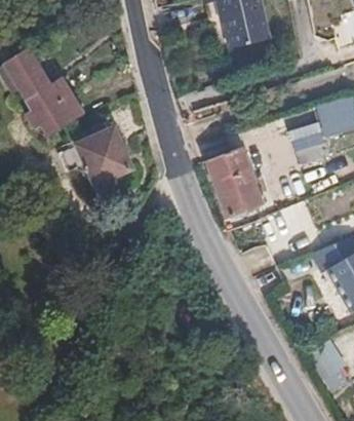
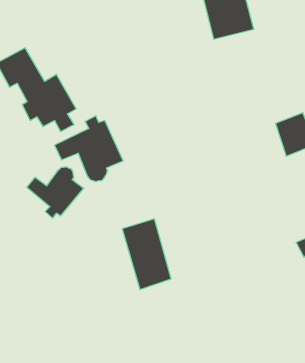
building: [209,143,261,217] -> [122,219,171,290]
building: none -> [27,167,84,218]

